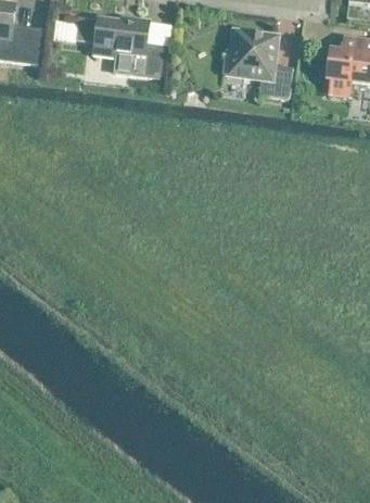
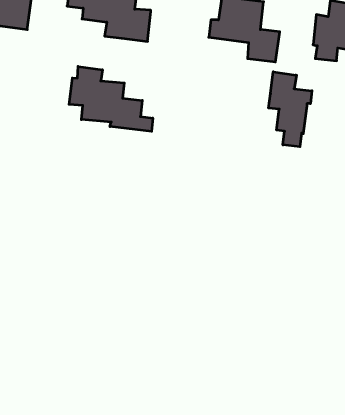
building: none -> [69,66,153,131]
building: none -> [269,72,312,147]

